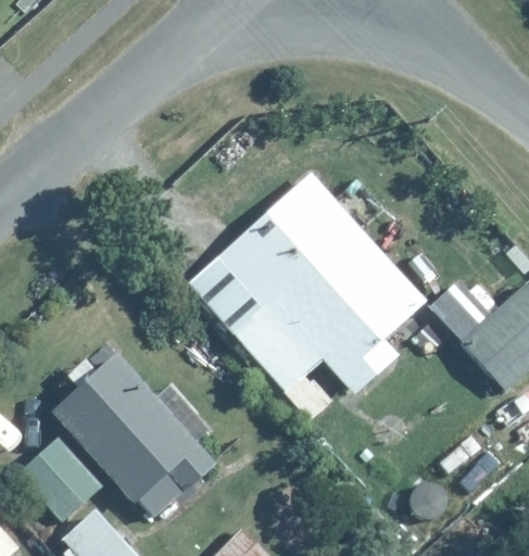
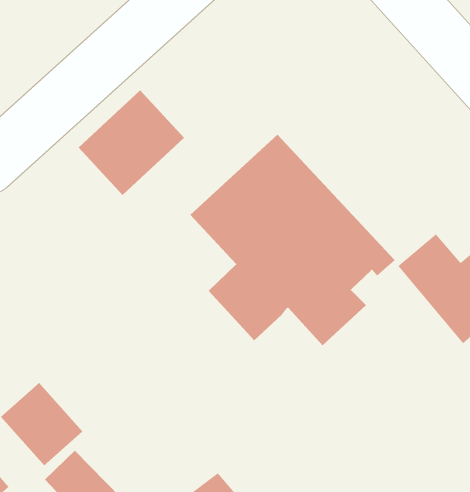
building: none -> [78,90,185,196]
building: [51,345,217,521] -> none

